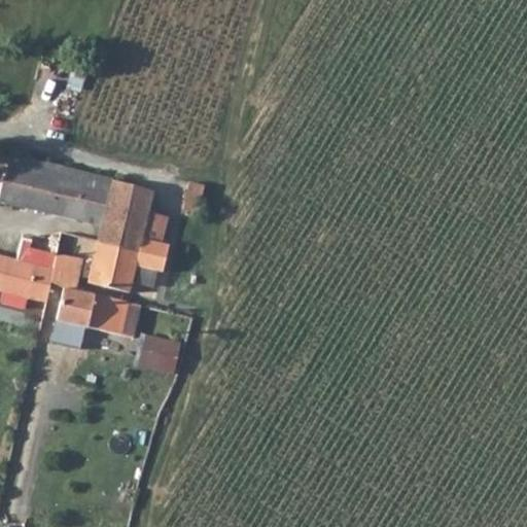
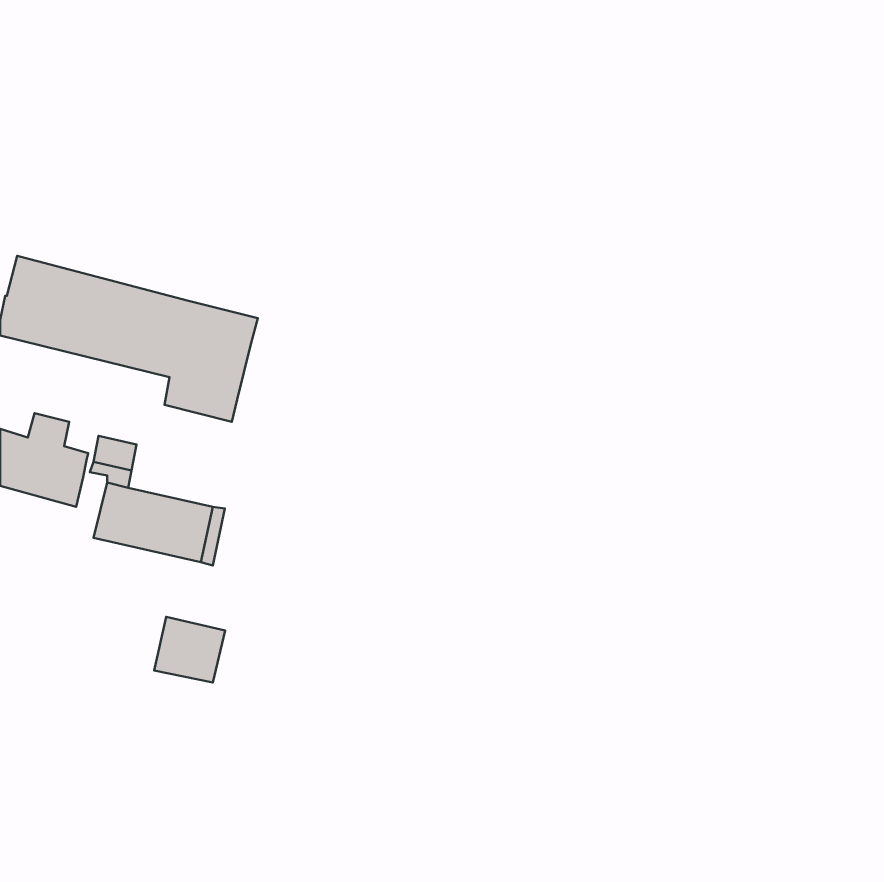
building: [87,238,170,291] -> none
building: [138,333,180,373] -> [154,617,225,683]

